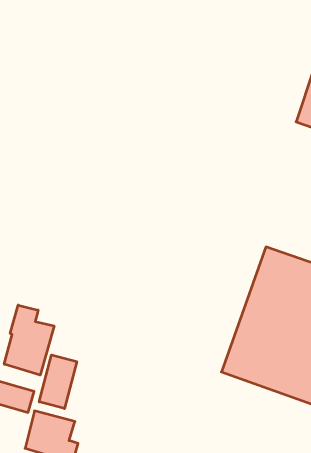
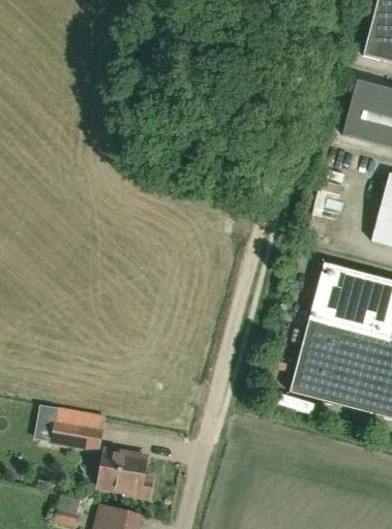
building: [4,305,54,375] -> none
building: [39,355,77,409] -> none

